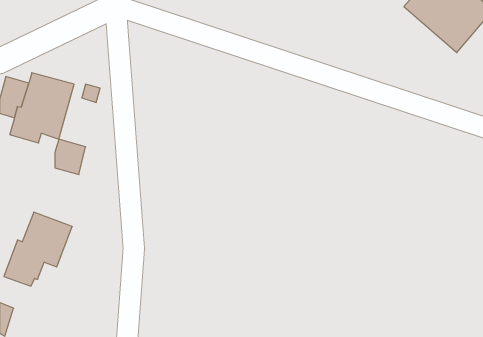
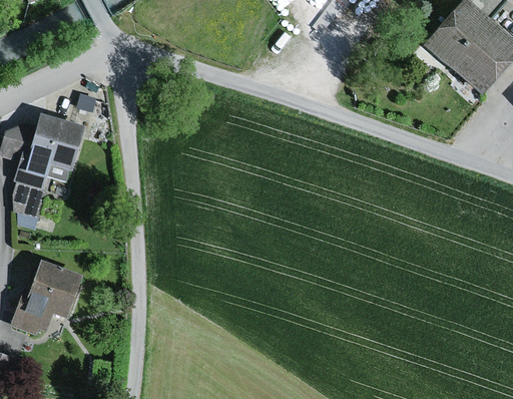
building: [55,139,86,175] -> [15,179,47,217]

